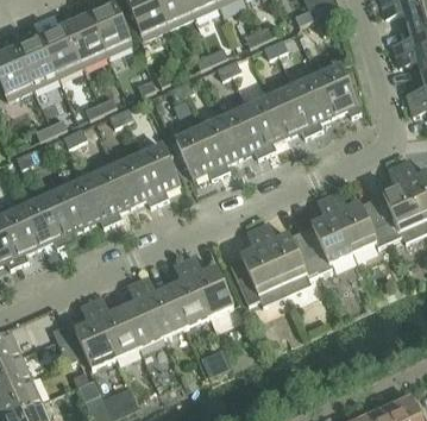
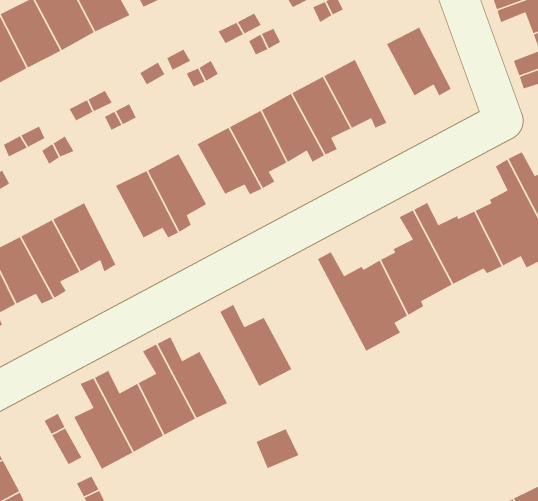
building: [293,75,333,132] -> none
building: [92,164,132,221] -> none
building: [230,226,287,306] -> none
building: [168,259,208,326] -> none

